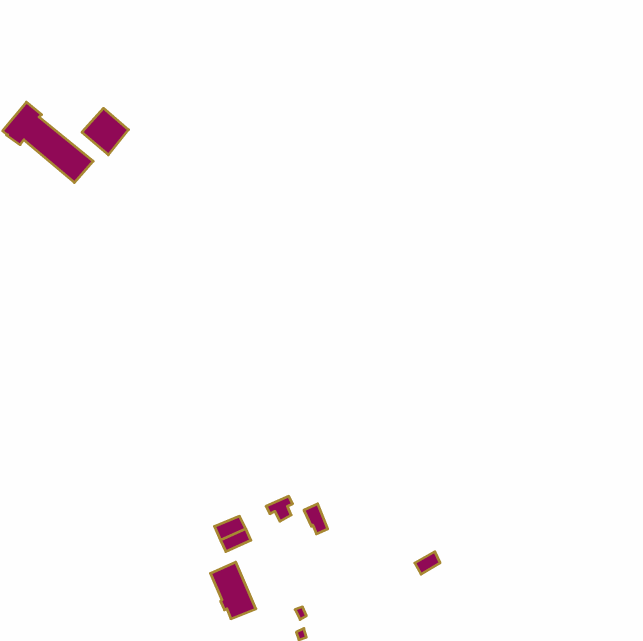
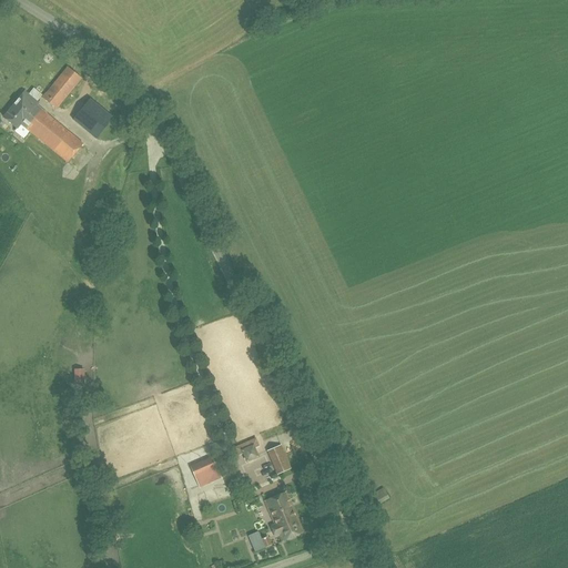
building: none -> [41,64,80,108]
building: [210,562,256,619] -> [263,489,303,539]

